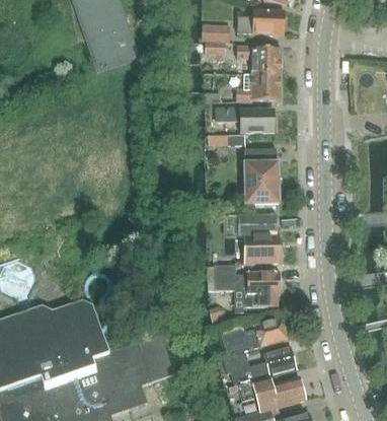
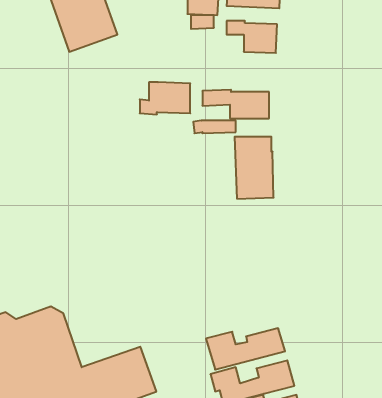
building: [235,73,280,101] -> [140,82,190,114]
building: [223,213,279,262] -> none
building: [207,264,280,311] -> none

